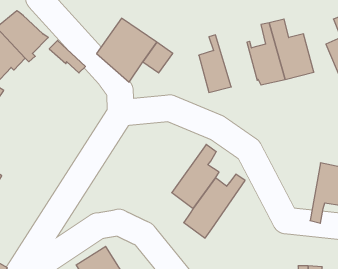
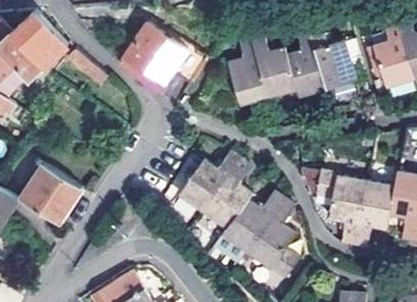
building: none -> [250,31,296,97]
building: none -> [178,153,240,213]
building: none -> [20,157,81,221]
building: none -> [315,170,366,244]
building: none -> [246,200,299,281]

